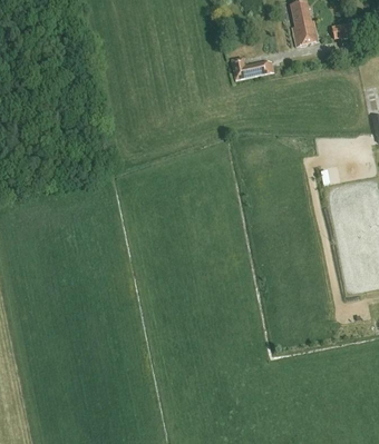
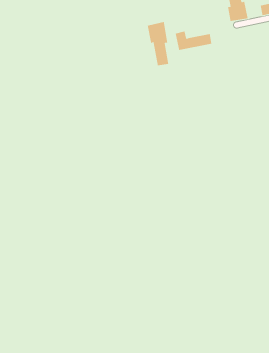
building: none -> [147,21,169,66]

